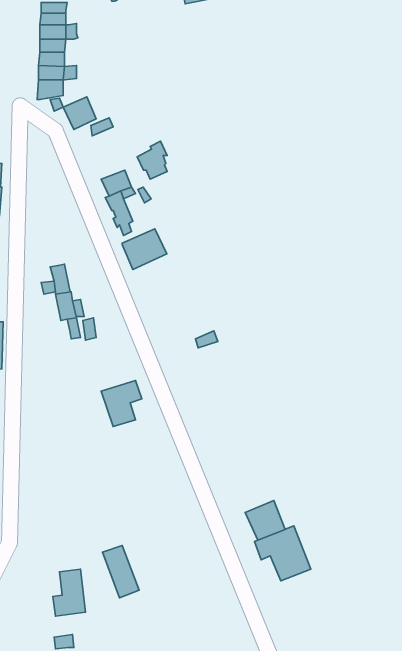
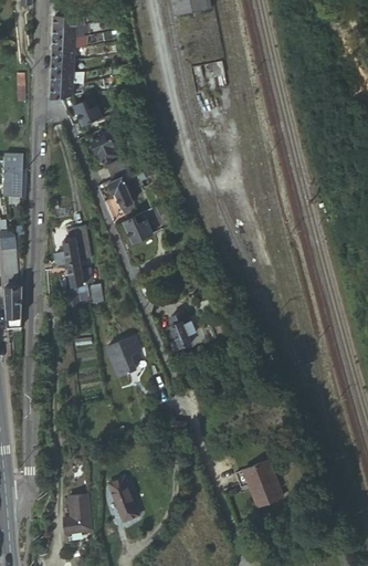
building: [137,141,167,179] -> [92,127,117,159]
building: none -> [67,226,91,260]
building: none -> [171,313,197,347]
building: [245,500,285,540] -> none

